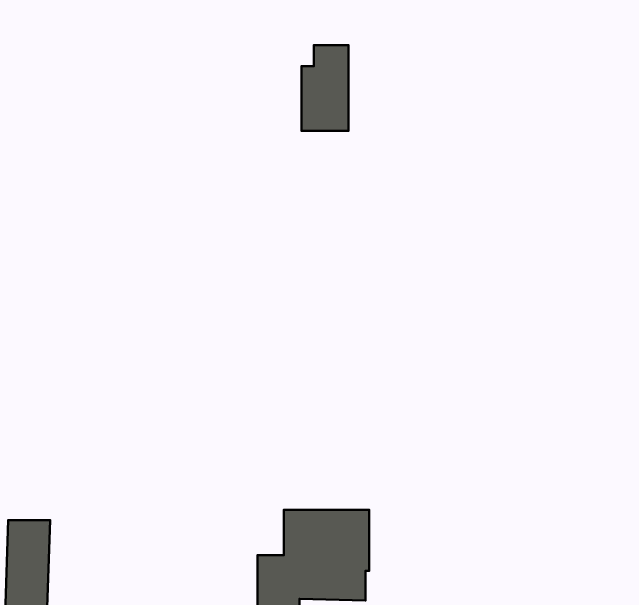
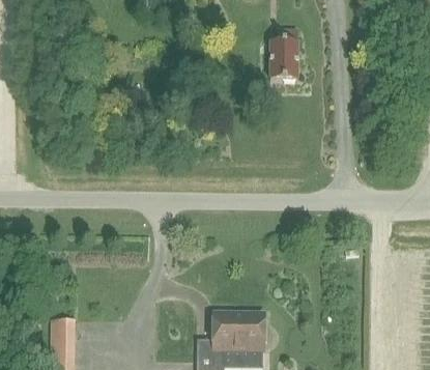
building: [302,45,349,131] -> [269,26,297,77]

